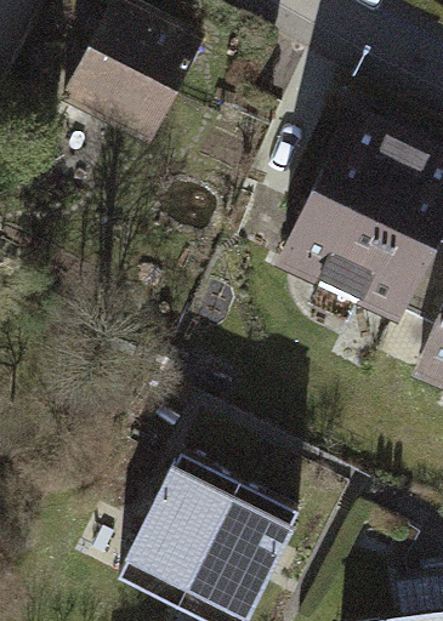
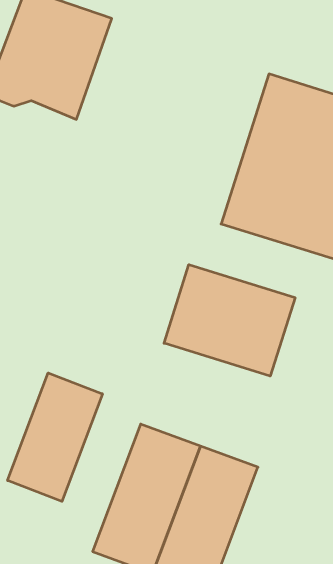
building: none -> [164,265,295,376]
building: none -> [8,373,102,501]

